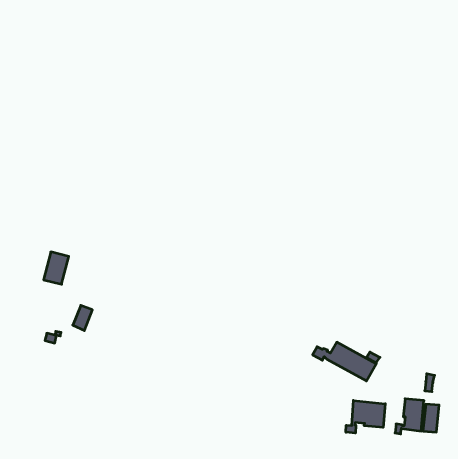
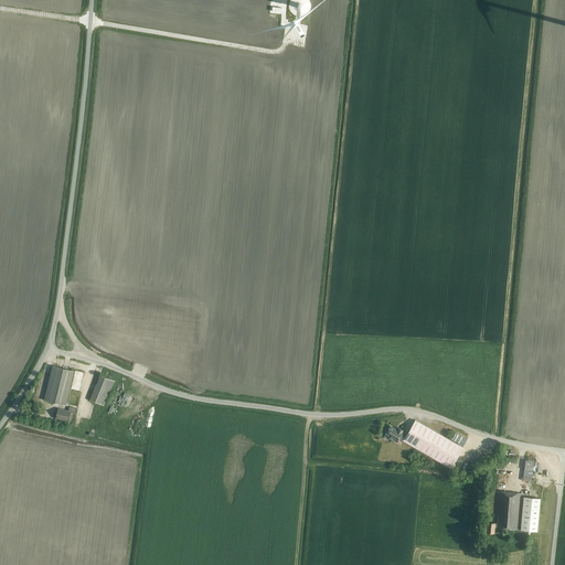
building: [44,252,69,284] -> [43,365,74,405]
building: [346,400,385,433] -> none

